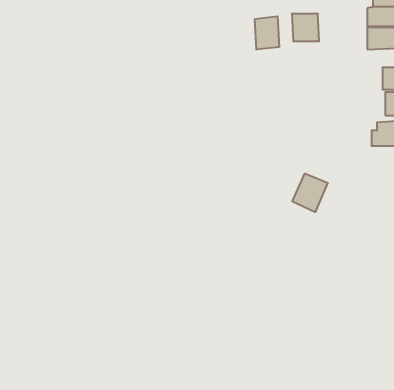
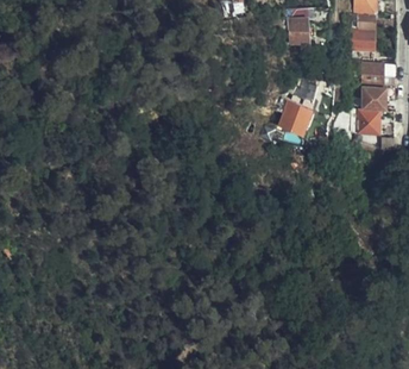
building: [255,16,279,50] -> none
building: [292,174,328,212] -> [281,100,312,133]

